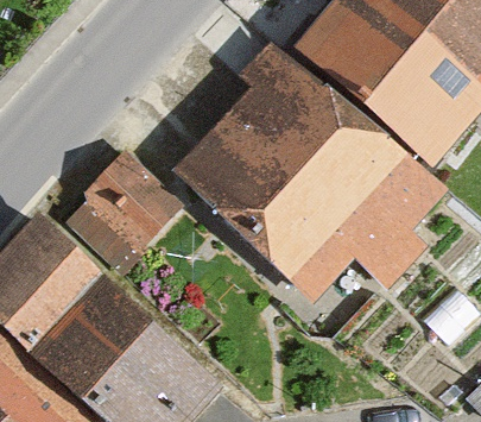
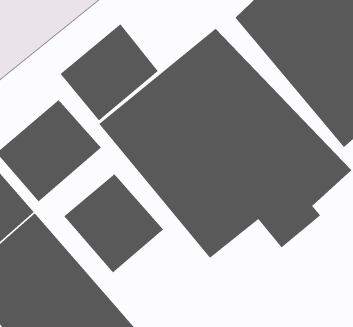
building: none -> [59,23,159,122]
building: none -> [63,173,164,273]

